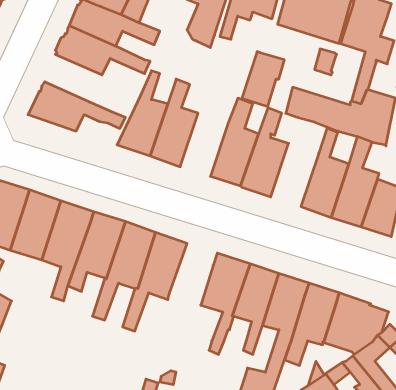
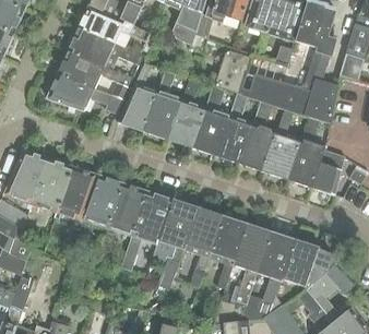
building: none -> [59,49,133,87]
building: none -> [167,77,205,146]
building: none -> [239,99,277,170]
building: none -> [157,200,197,289]

